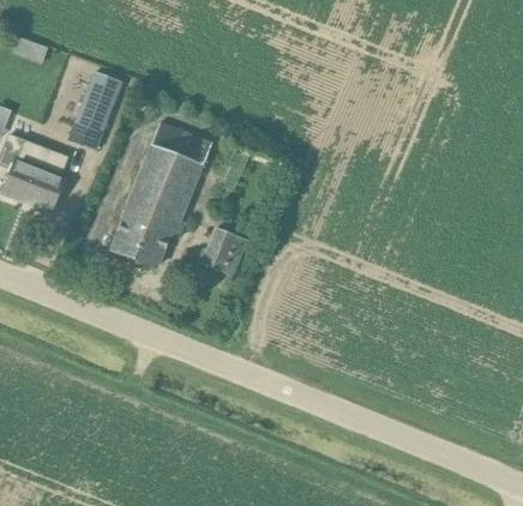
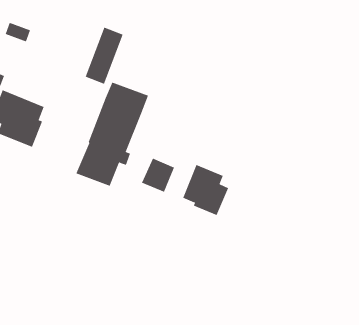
building: [67,71,121,151] -> [85,27,124,85]
building: none -> [183,164,229,216]

